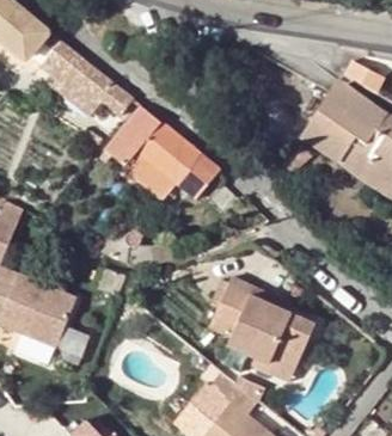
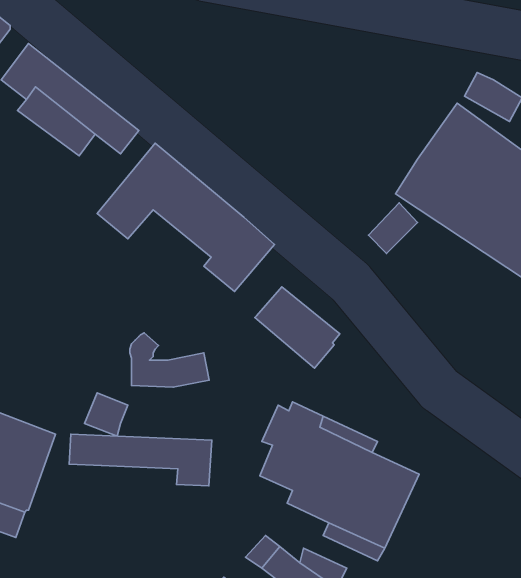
building: [123,149,179,203] -> [255,287,340,368]
building: none -> [69,434,212,486]

